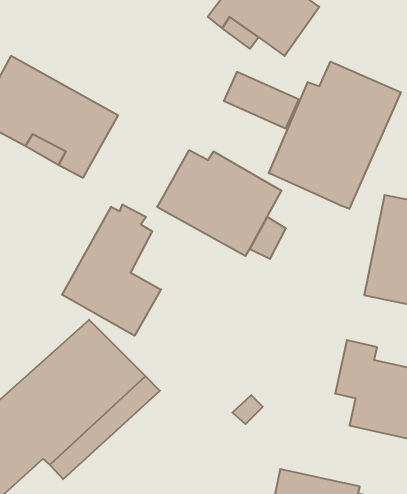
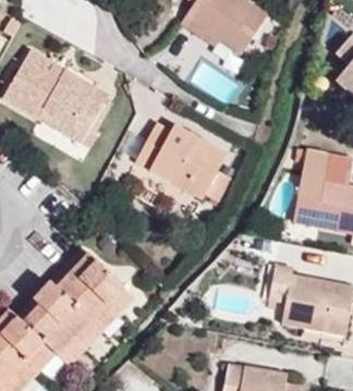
building: [269,62,401,209] -> none
building: [62,204,161,336] -> none

